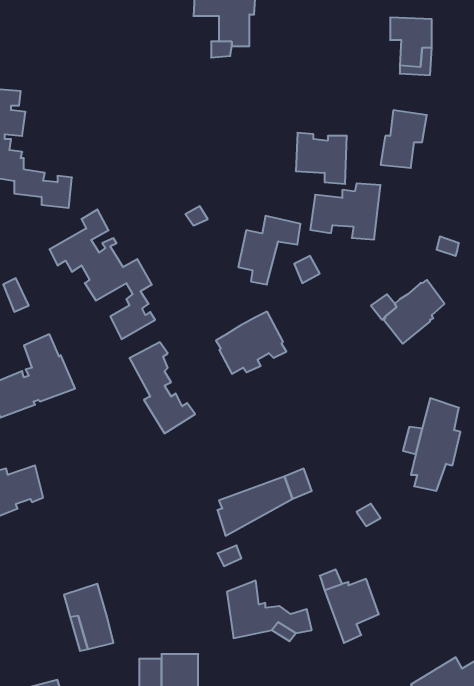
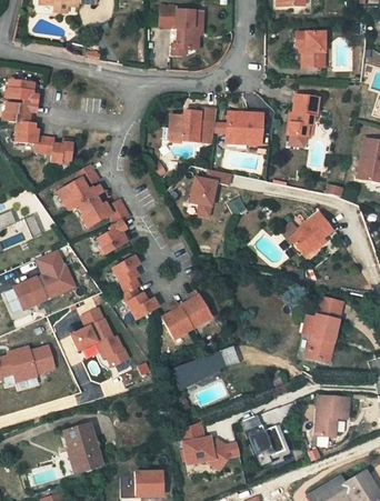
building: [310,183,381,239] -> [168,107,217,146]
building: [216,312,286,374] -> [163,295,212,339]
building: none -> [71,312,128,371]
building: none -> [311,395,344,439]

